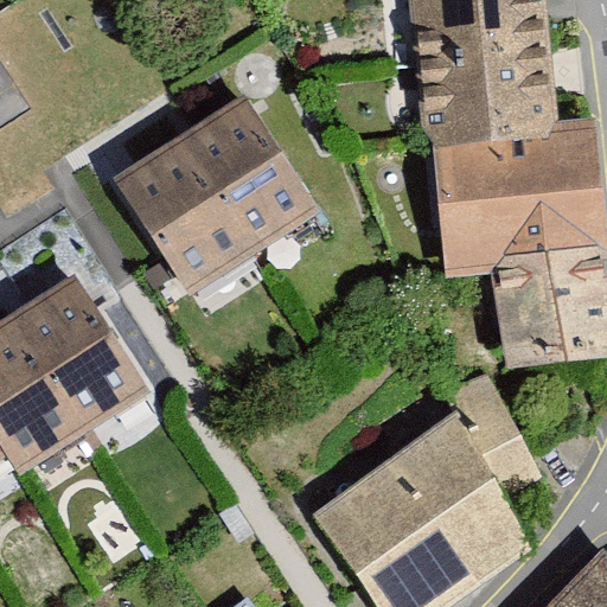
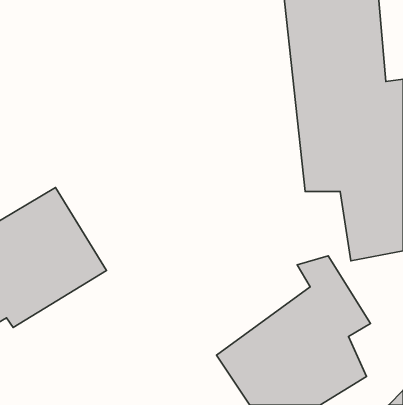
building: [116,92,319,292] -> none

